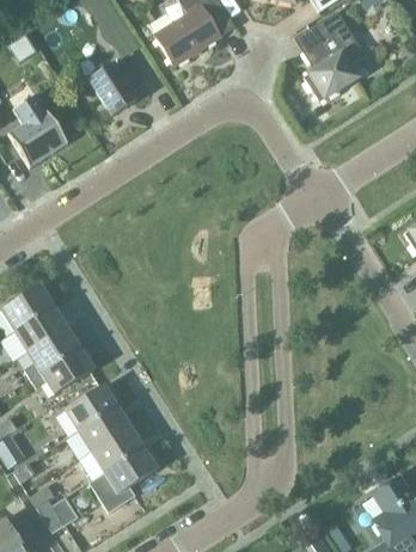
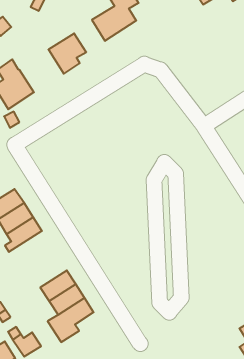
building: [304,11,366,100] -> none
building: [31,346,93,393] -> none
building: [65,384,117,430] -> none

